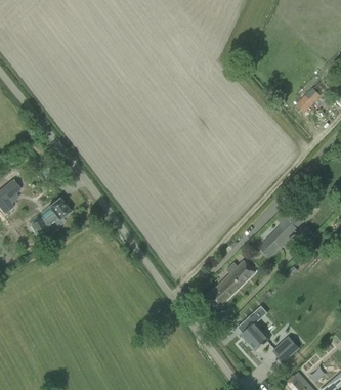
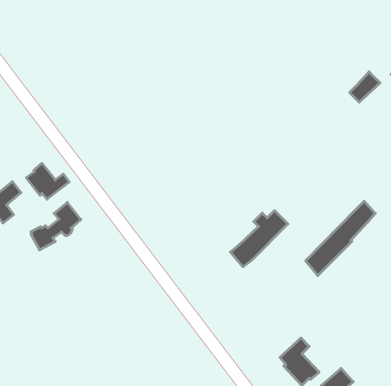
building: none -> [26,163,69,199]
building: [207,260,255,307] -> [230,211,288,267]

